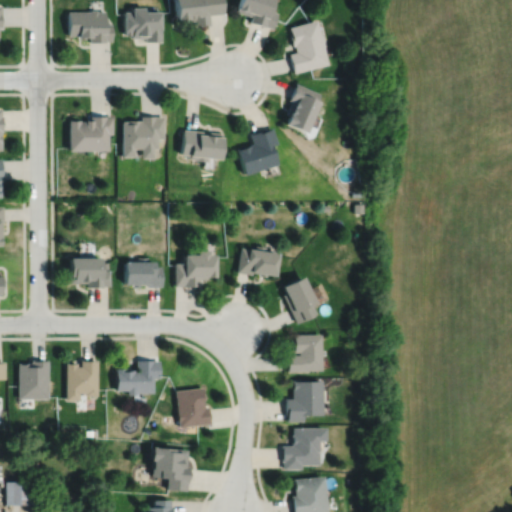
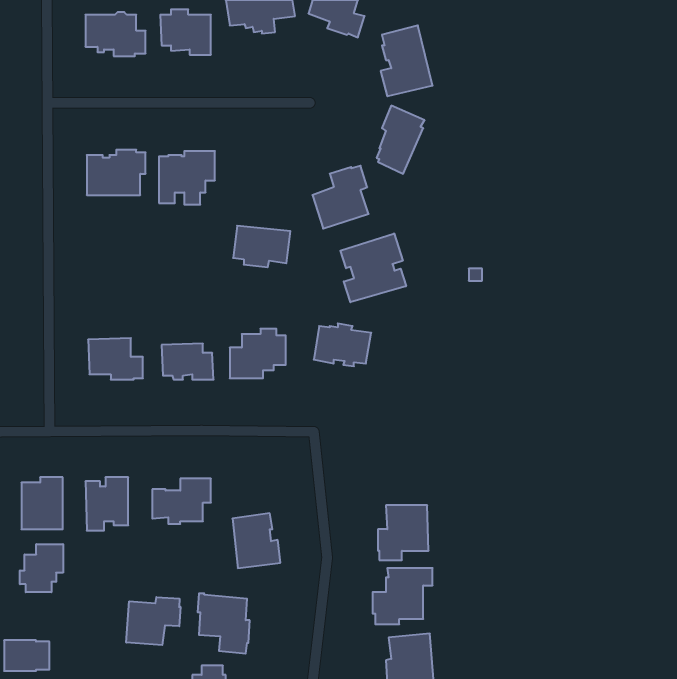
building: [182,129,225,160] -> [233,226,290,267]
building: none -> [340,233,406,302]
building: [285,276,318,323] -> none
building: [288,334,324,372] -> none
building: none -> [20,544,63,592]
building: none -> [126,597,180,645]

